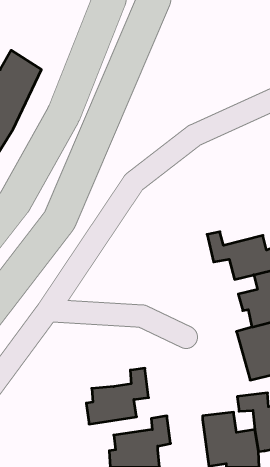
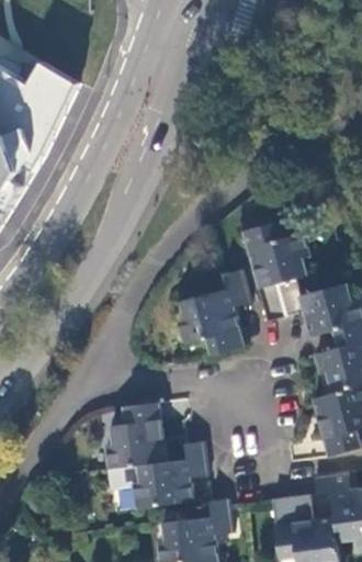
building: none -> [240,223,306,319]
building: none -> [177,268,249,355]
building: none -> [104,402,163,470]

